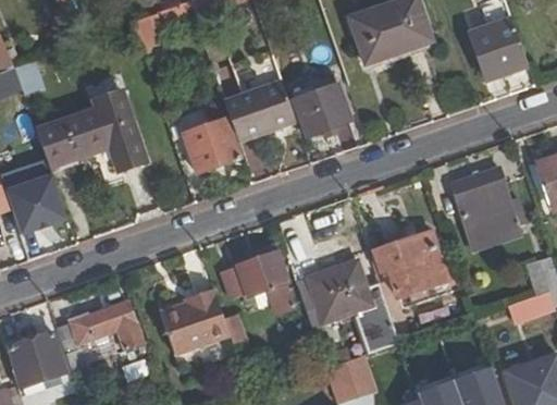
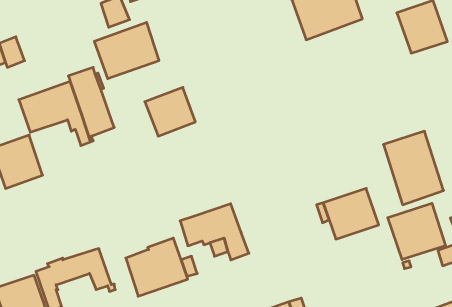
building: [220,77,294,142] -> [94,22,159,79]
building: [294,85,348,136] -> none
building: none -> [388,203,445,260]
building: [297,262,400,354] -> none

